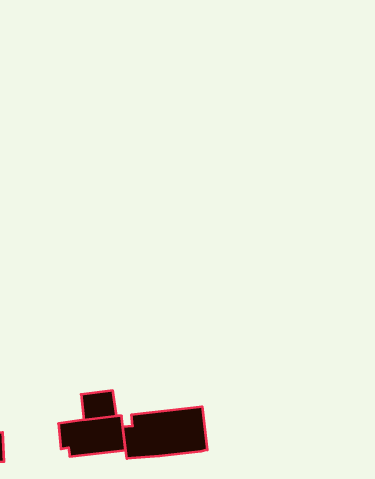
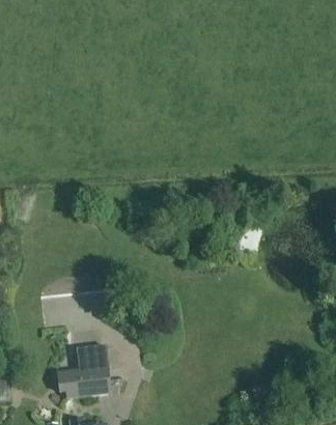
building: [123,407,207,459] -> none

